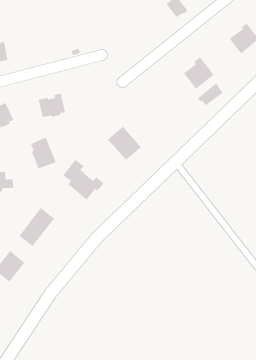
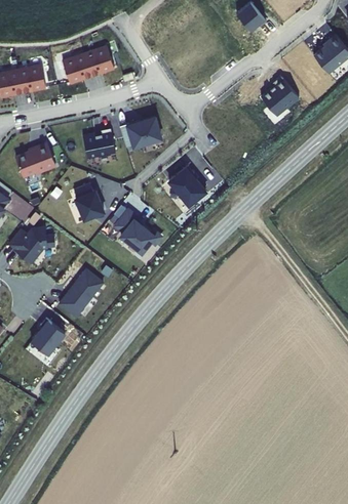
building: none -> [63,46,114,84]
building: [197,82,223,106] -> none
building: none -> [128,120,162,149]

